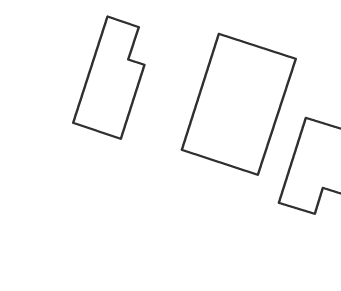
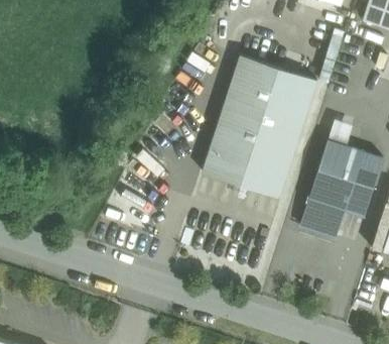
building: [73,17,145,139] -> none

